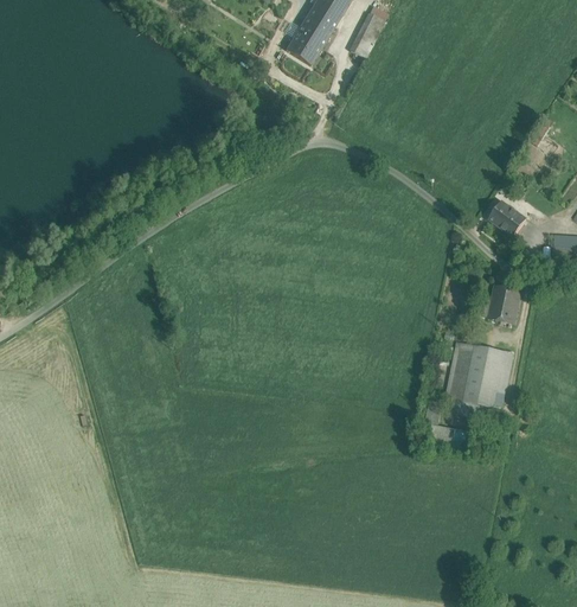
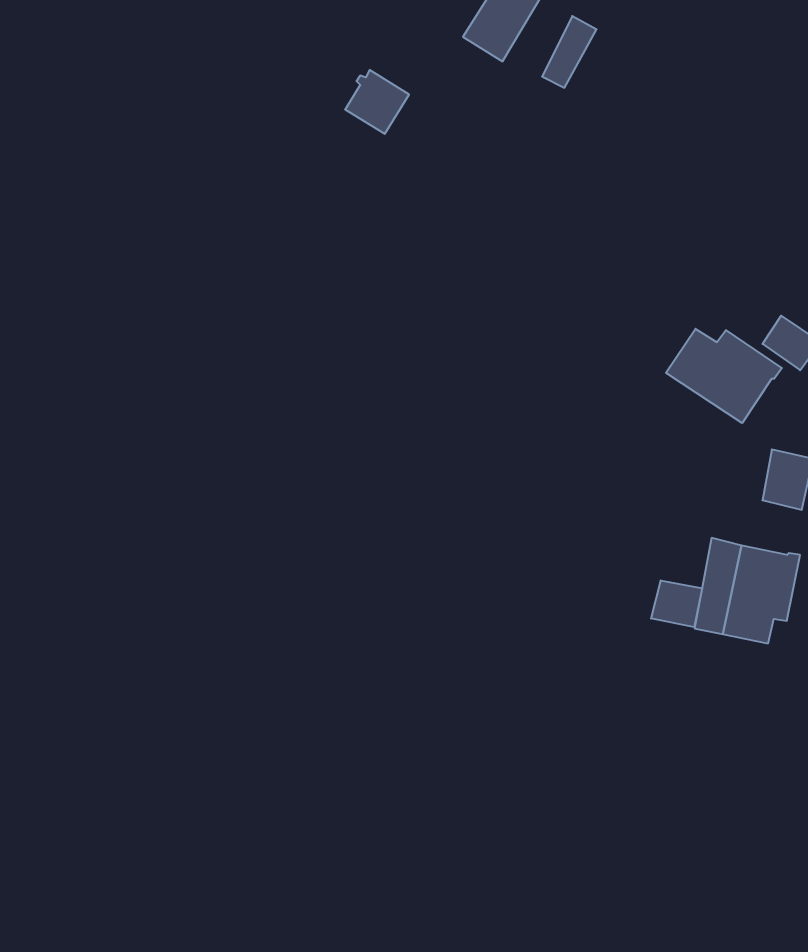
building: [286,25,326,65] -> [345,70,409,134]
building: none -> [666,329,782,423]
building: none -> [651,580,702,627]

